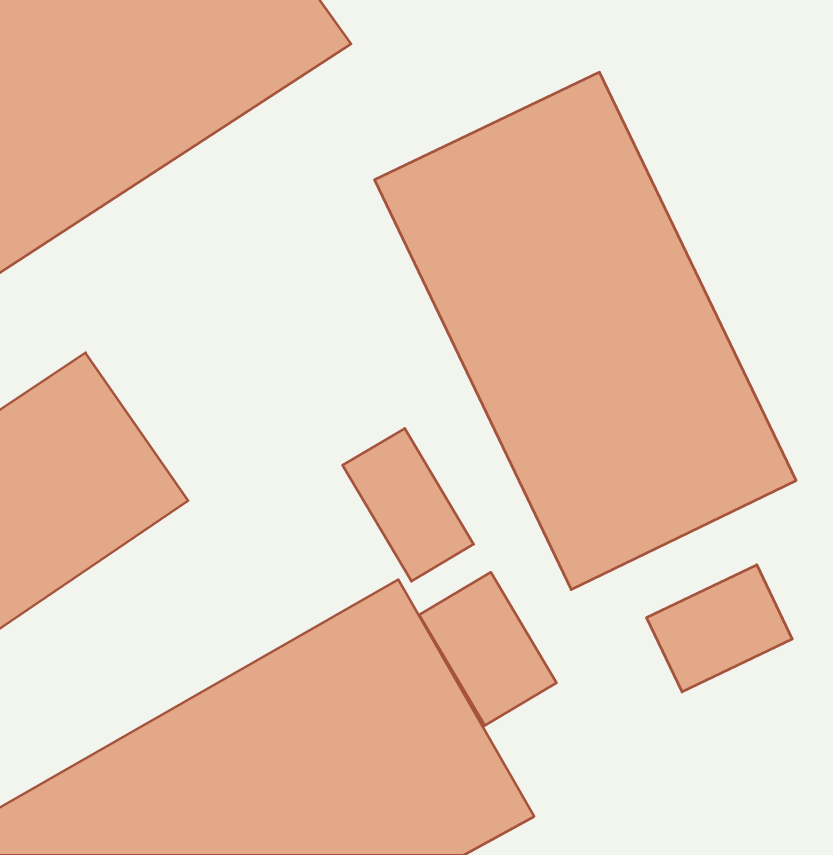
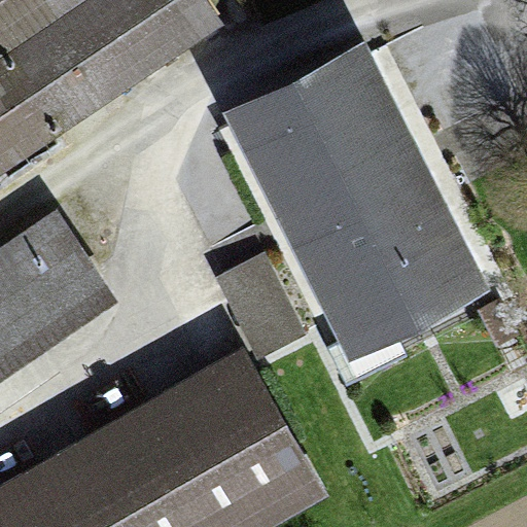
building: [647,565,792,692] -> none
building: [419,572,556,726] -> none

